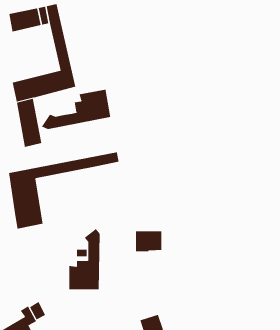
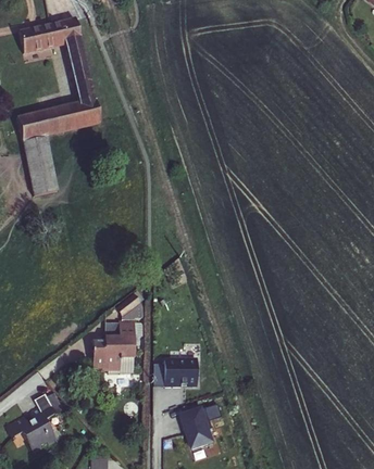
building: [41,89,111,130] -> none
building: [9,151,119,230] -> none
building: [135,231,162,252] -> [162,356,196,382]

